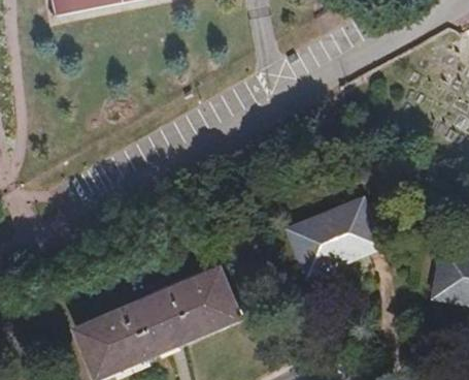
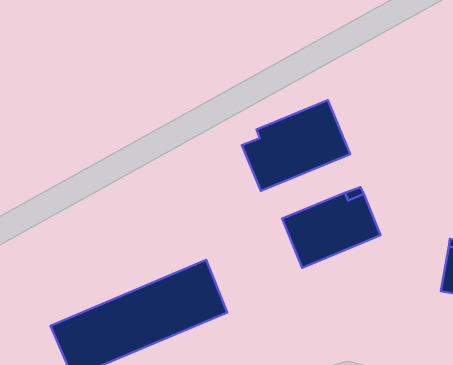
building: none -> [242,100,350,191]

